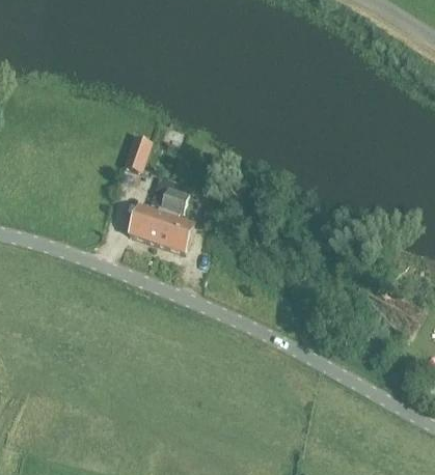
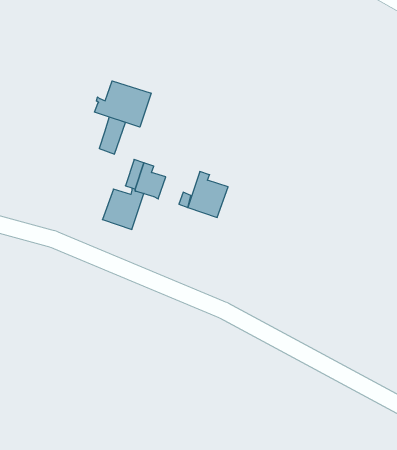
building: none -> [94,81,151,127]
building: [158,208,196,252] -> [188,172,228,217]

